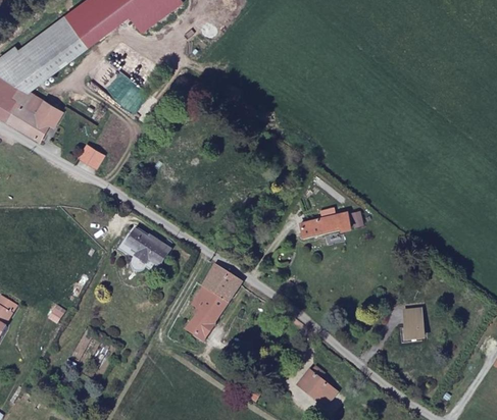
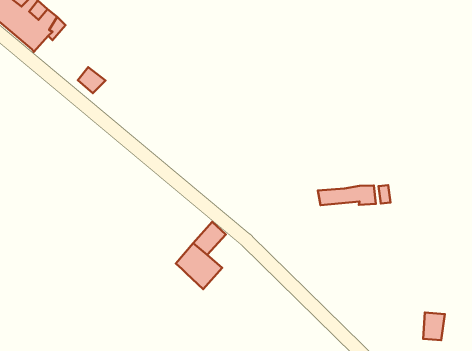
building: [117,225,170,274] -> none
building: [212,272,240,301] -> none
building: [186,310,213,339] -> none

